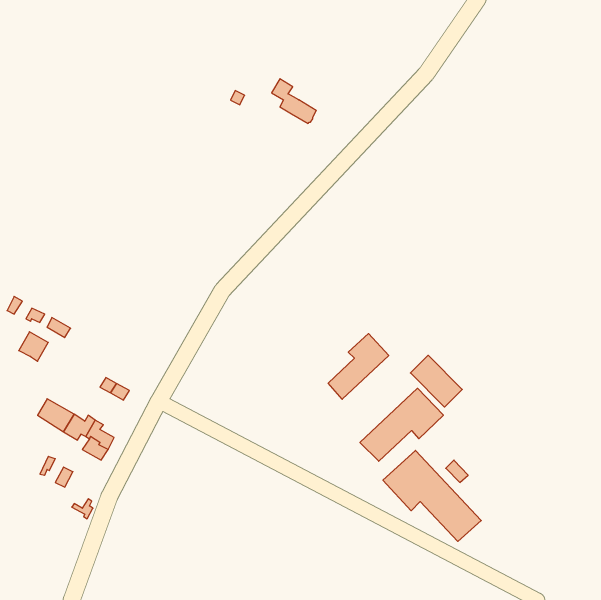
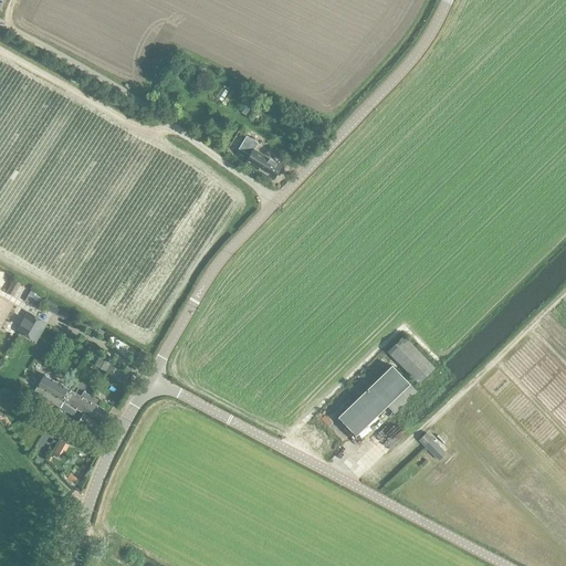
building: [272,79,316,123] -> [237,134,279,176]
building: [328,334,389,399] -> none
building: [383,450,481,541] -> none

